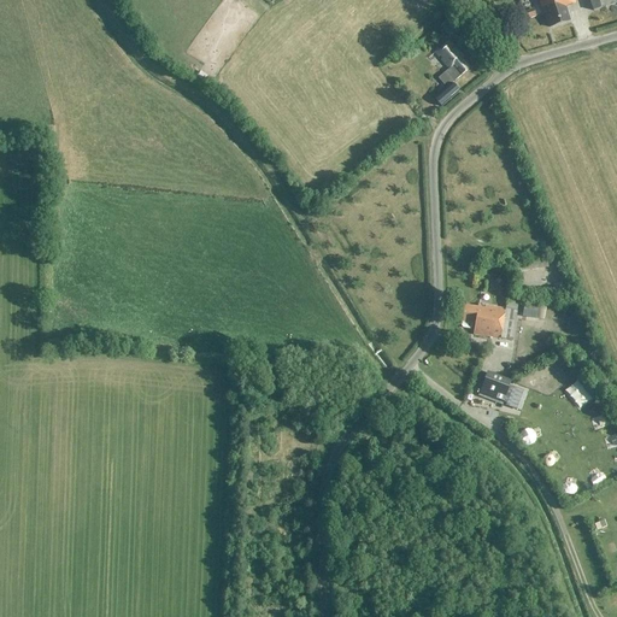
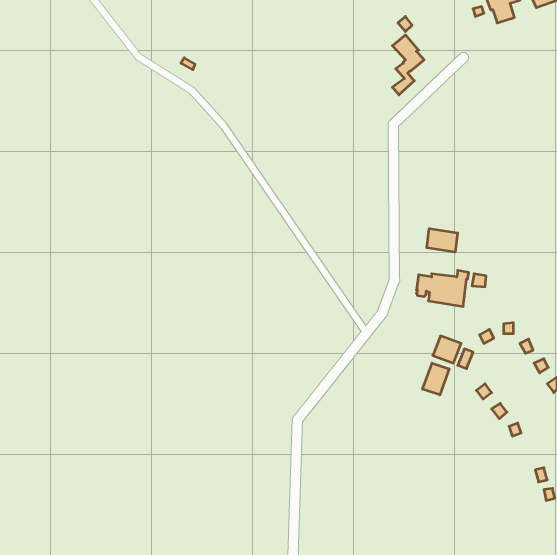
building: none -> [427,229,458,252]
building: none -> [423,363,449,395]

